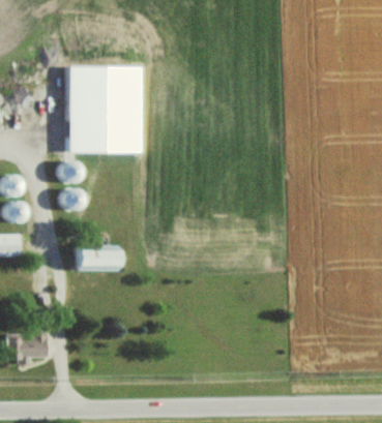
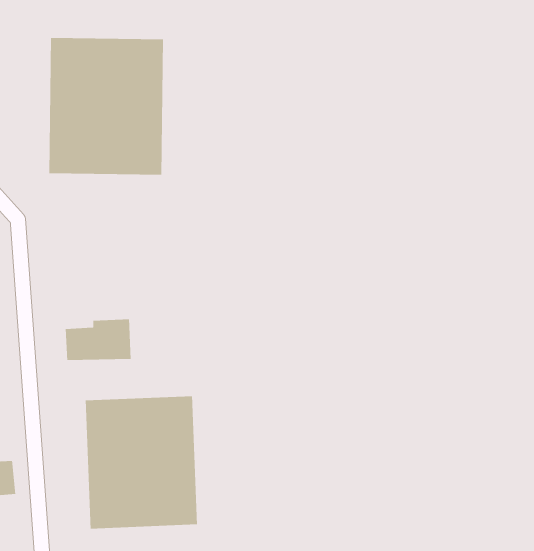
building: none -> [85,395,198,529]

